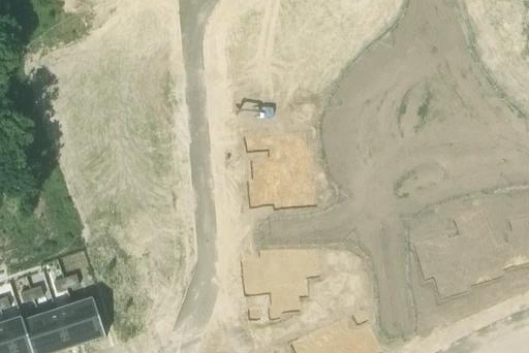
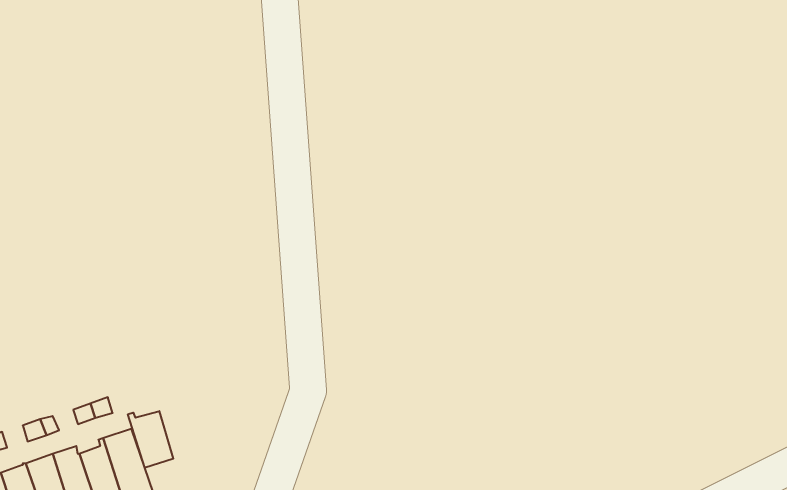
building: none -> [128,411,173,468]

